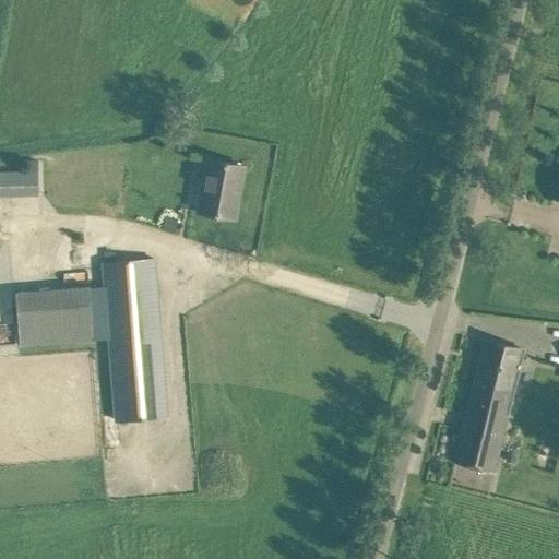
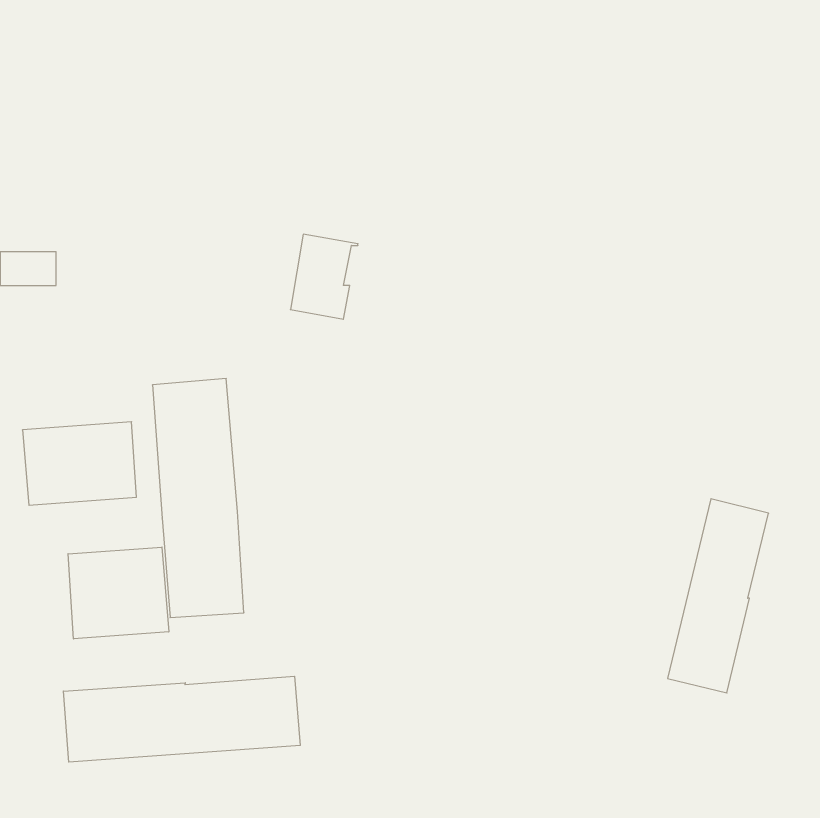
building: none -> [68,547,169,639]
building: none -> [63,676,300,762]

